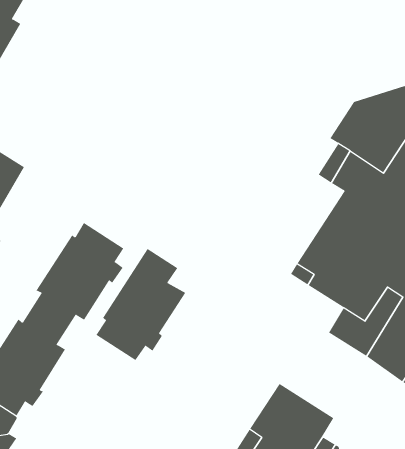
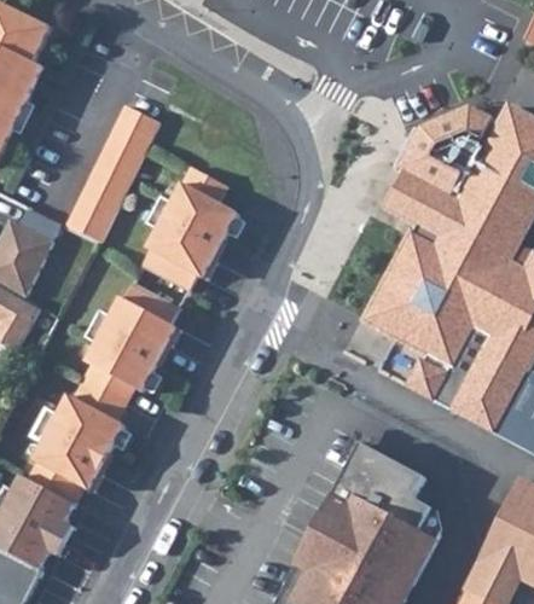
building: none -> [64,108,161,244]
building: [95,248,186,361] -> [138,167,234,292]

